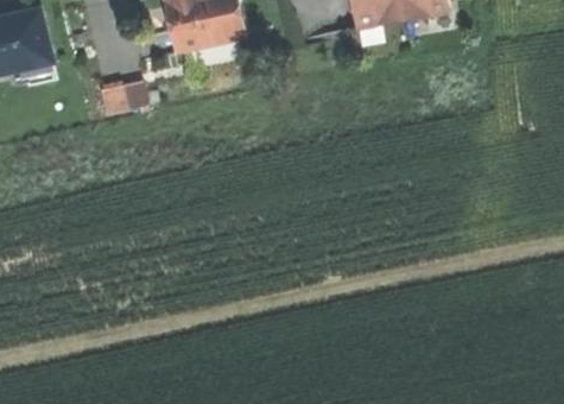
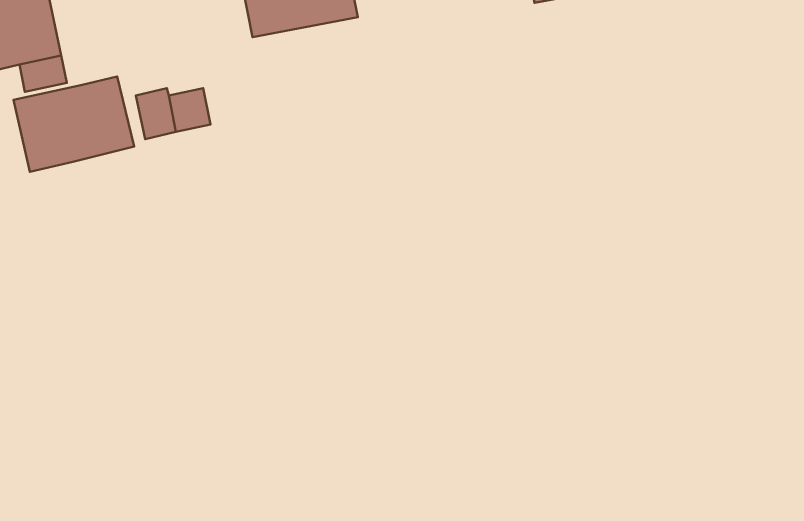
building: none -> [13,77,134,172]

